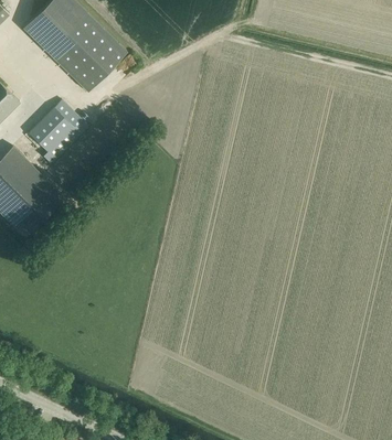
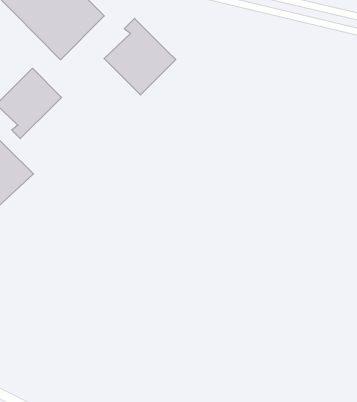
building: none -> [104,18,176,95]

